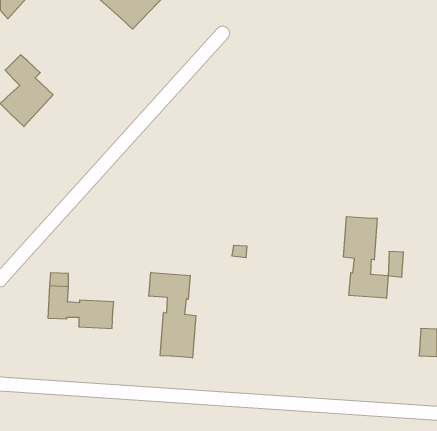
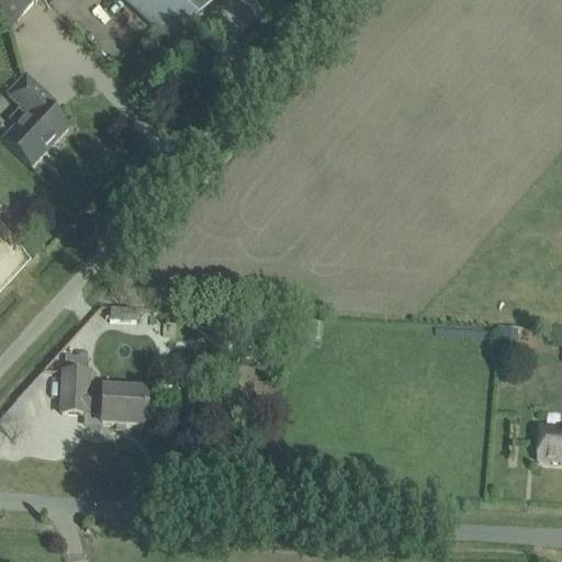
building: [344,216,388,298] -> none
building: [149,272,196,358] -> none

